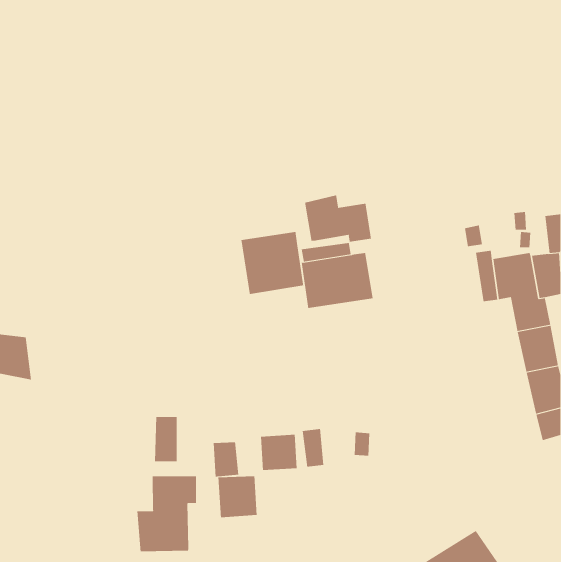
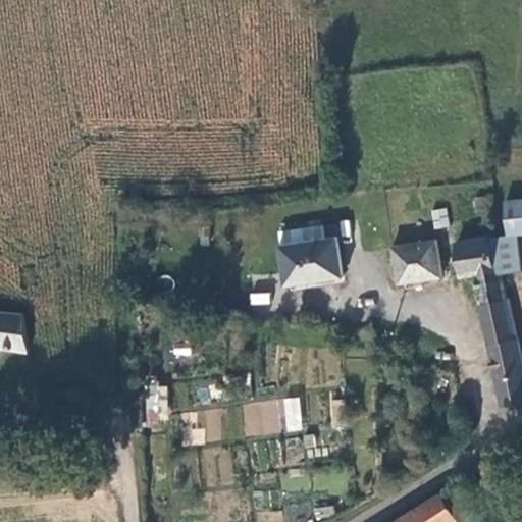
building: [304,195,372,242] -> none
building: [241,231,304,295] -> none
building: none -> [392,240,443,285]
building: [137,475,196,552] -> none
building: [218,476,257,518] -> none

